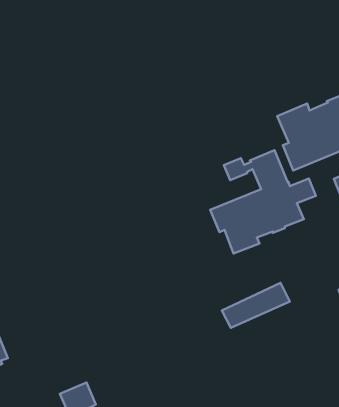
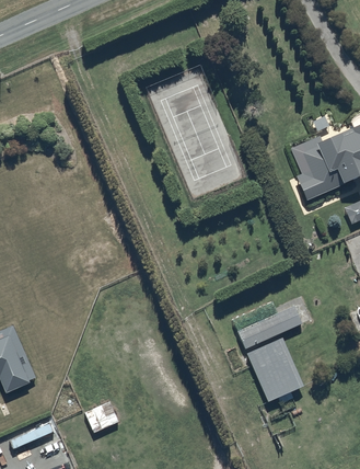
building: [210,150,316,254] -> none
building: none -> [247,336,304,401]

